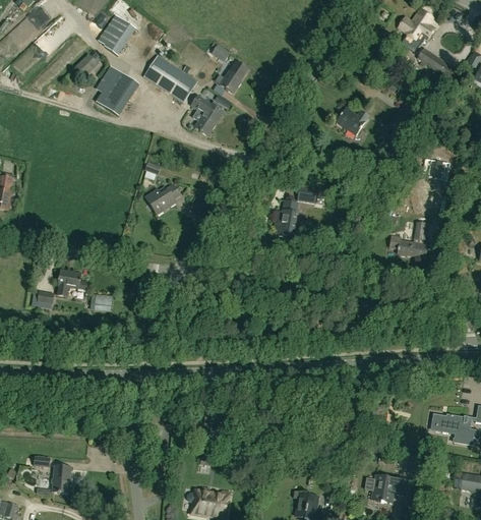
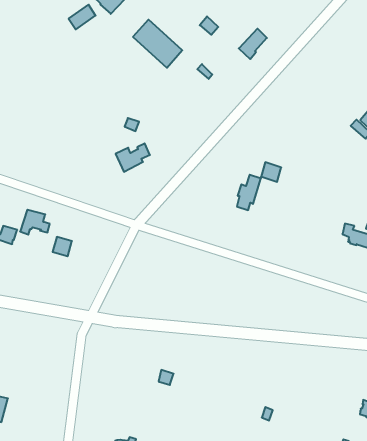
building: [220,60,247,93] -> [239,29,267,59]
building: [102,64,140,115] -> none
building: [191,96,222,134] -> none
building: [336,107,369,131] -> none

